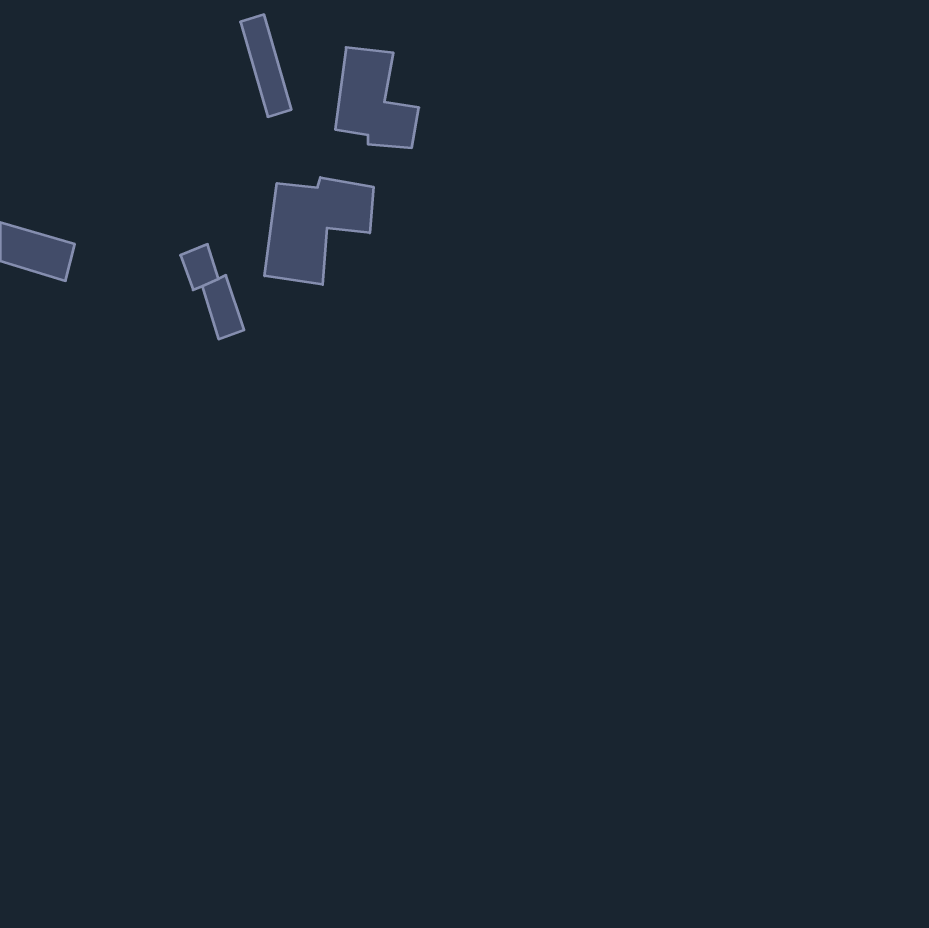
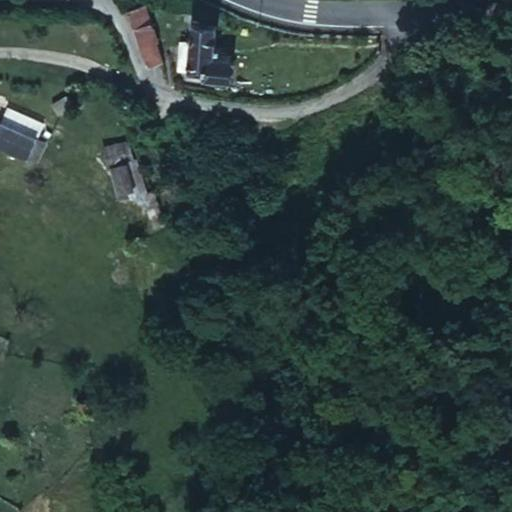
building: [265,177,373,285] -> none

